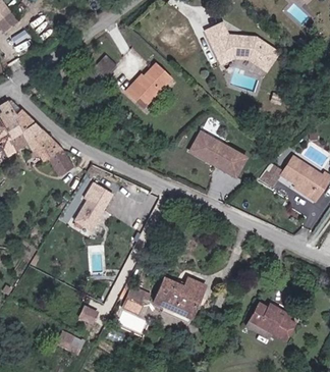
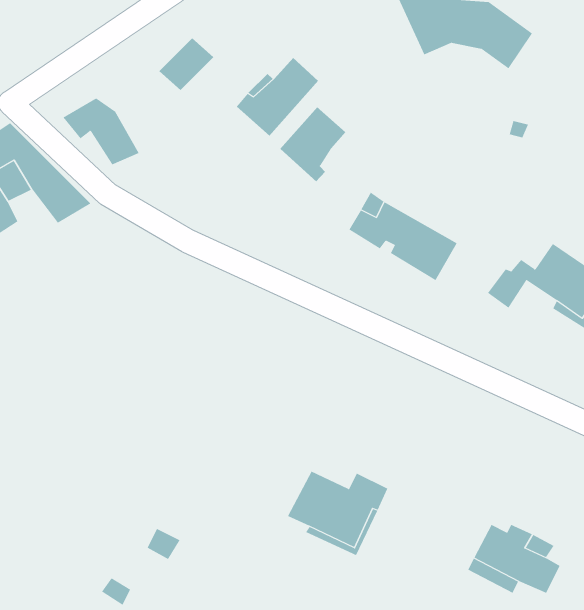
building: none -> [279,107,346,182]
building: [35,140,74,174] -> [62,98,140,165]
building: [75,183,117,230] -> none
building: [122,286,146,312] -> none

